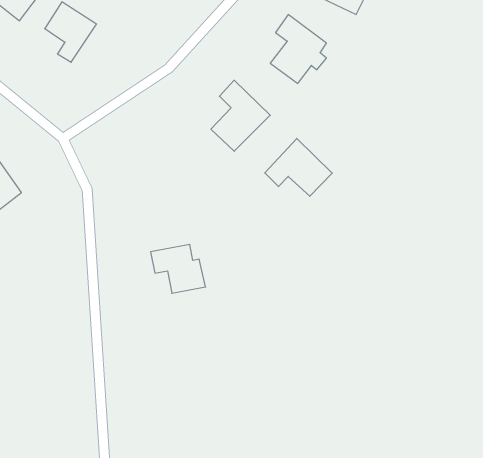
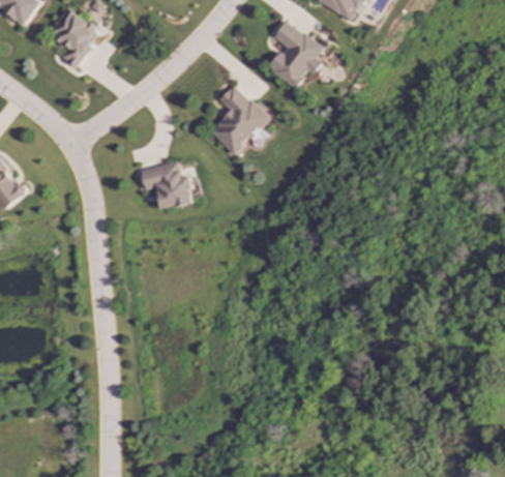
building: [265,138,332,196] -> none
building: [151,244,206,293] -> [140,161,194,209]

